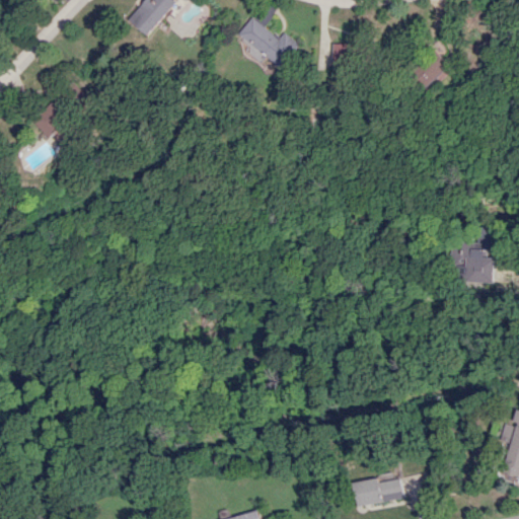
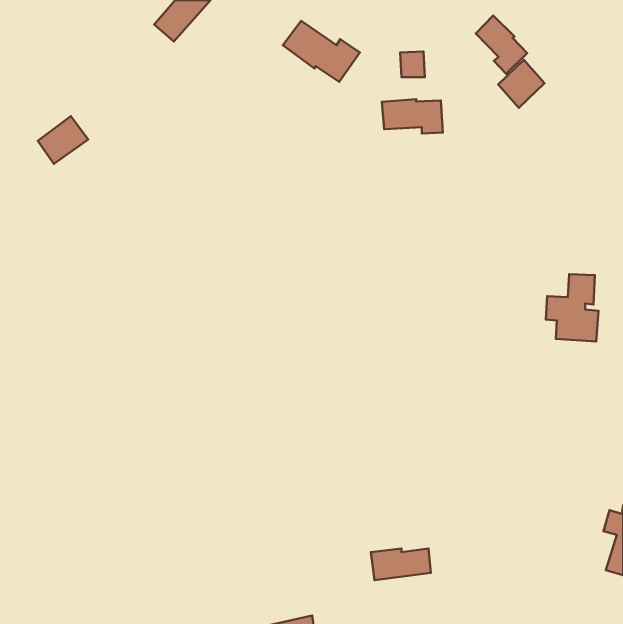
building: none -> [476,16,527,74]
building: none -> [382,99,443,134]
building: [354,479,403,506] -> [371,548,431,580]

